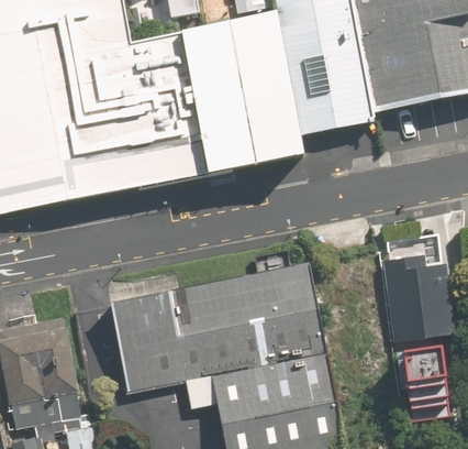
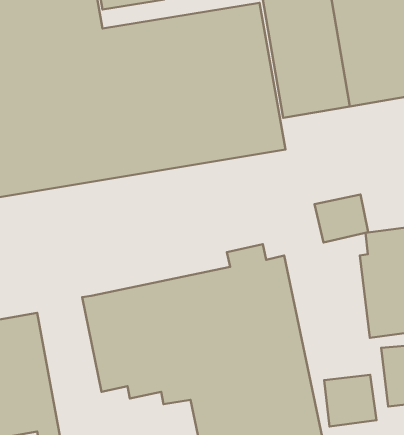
building: none -> [314,195,368,243]
building: none -> [324,375,376,427]

